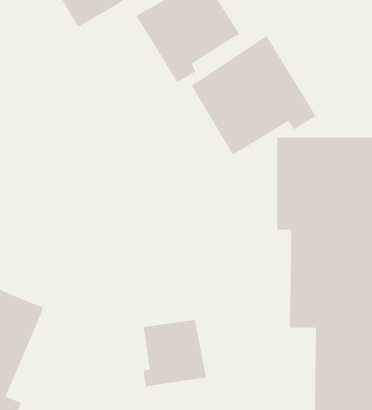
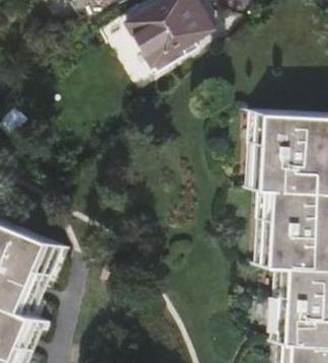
building: [191,35,316,156] -> none
building: [143,319,206,387] -> none

